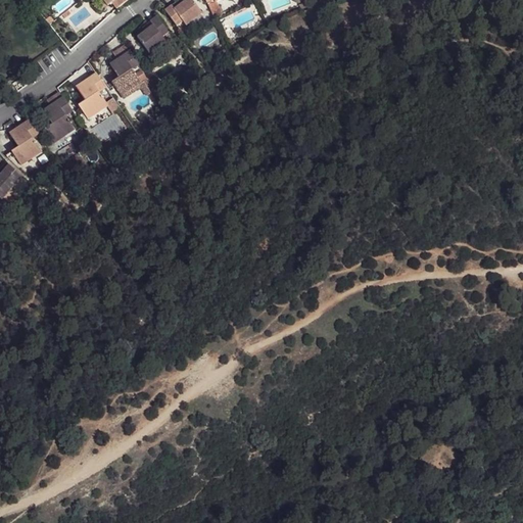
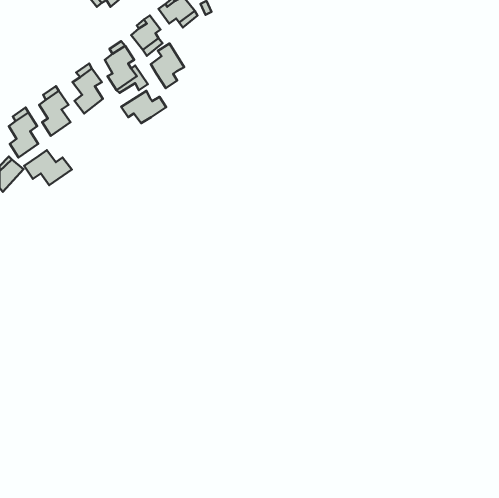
building: none -> [151,43,184,88]
building: none -> [121,91,166,123]
building: none -> [24,150,72,185]

